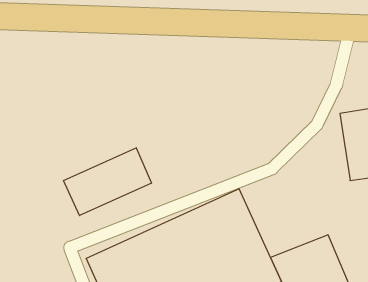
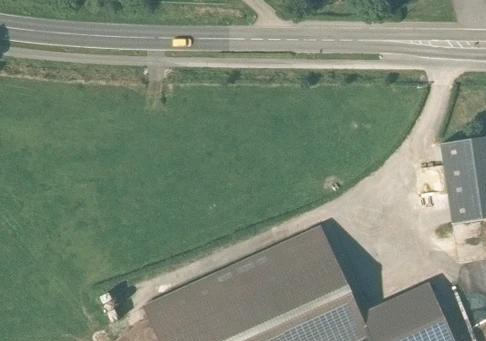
building: [63,148,151,216] -> none

